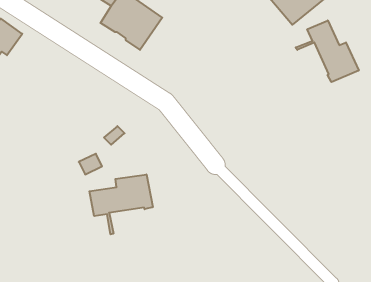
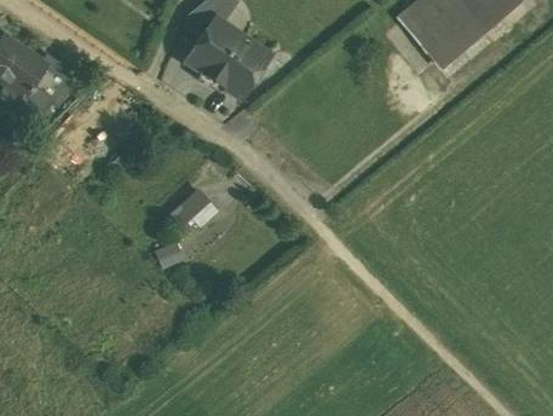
building: [296,20,359,82] -> none
building: [89,174,153,234] -> none

